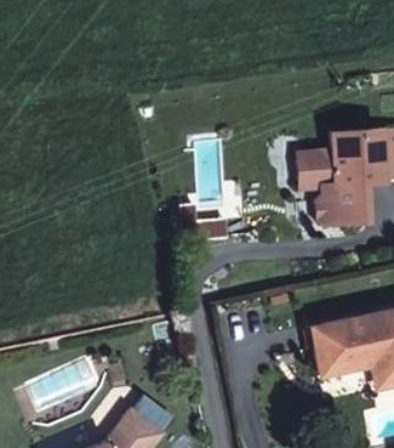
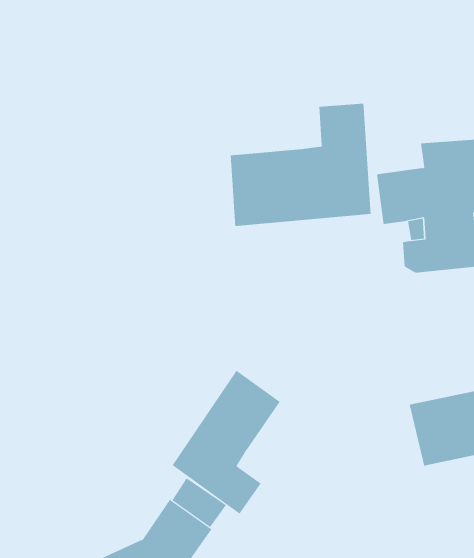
building: none -> [230,103,371,227]
building: none -> [172,370,280,514]

